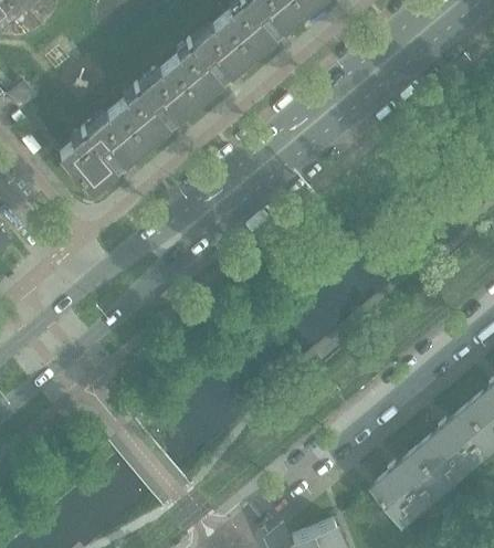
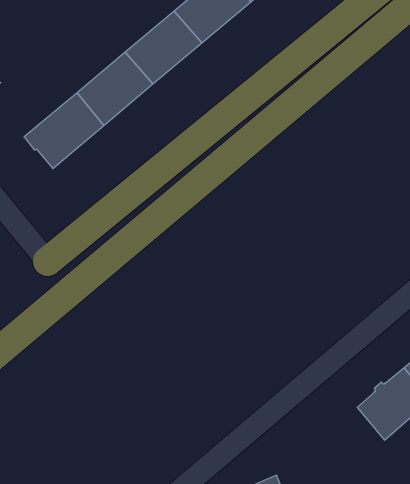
building: [375,449,449,521] -> none

